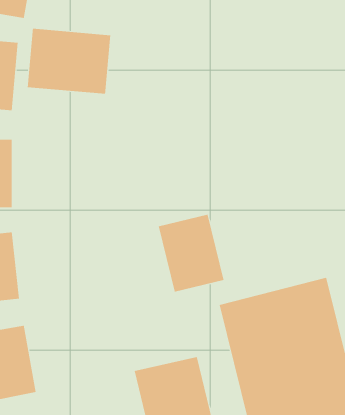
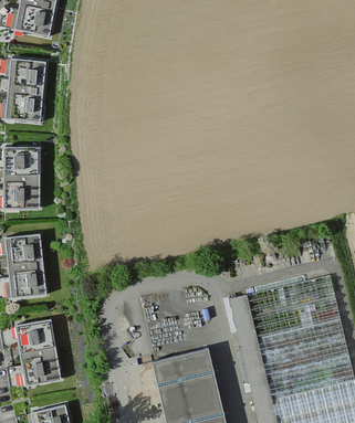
building: [27,28,111,95] -> none
building: [158,214,224,293] -> none

